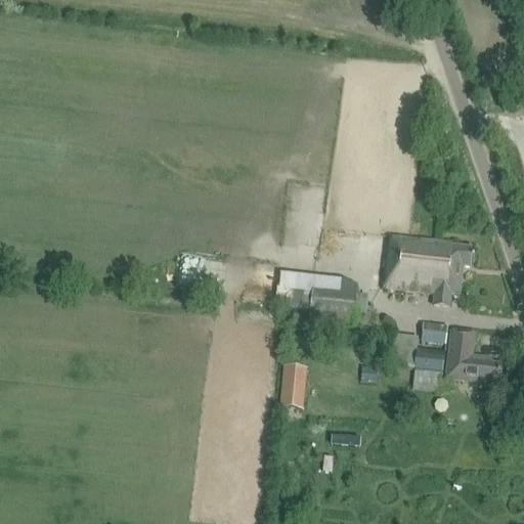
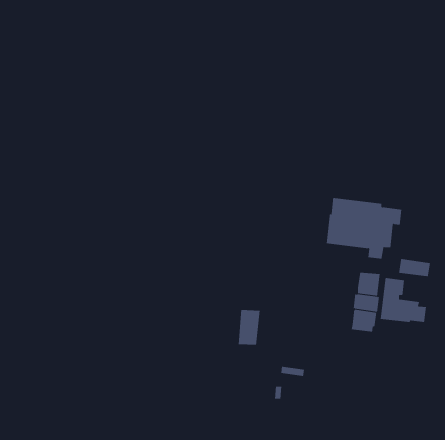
building: [273,271,366,322] -> none
building: none -> [398,258,430,277]

